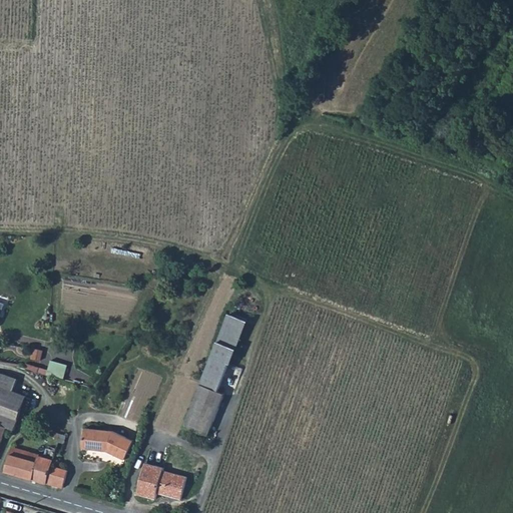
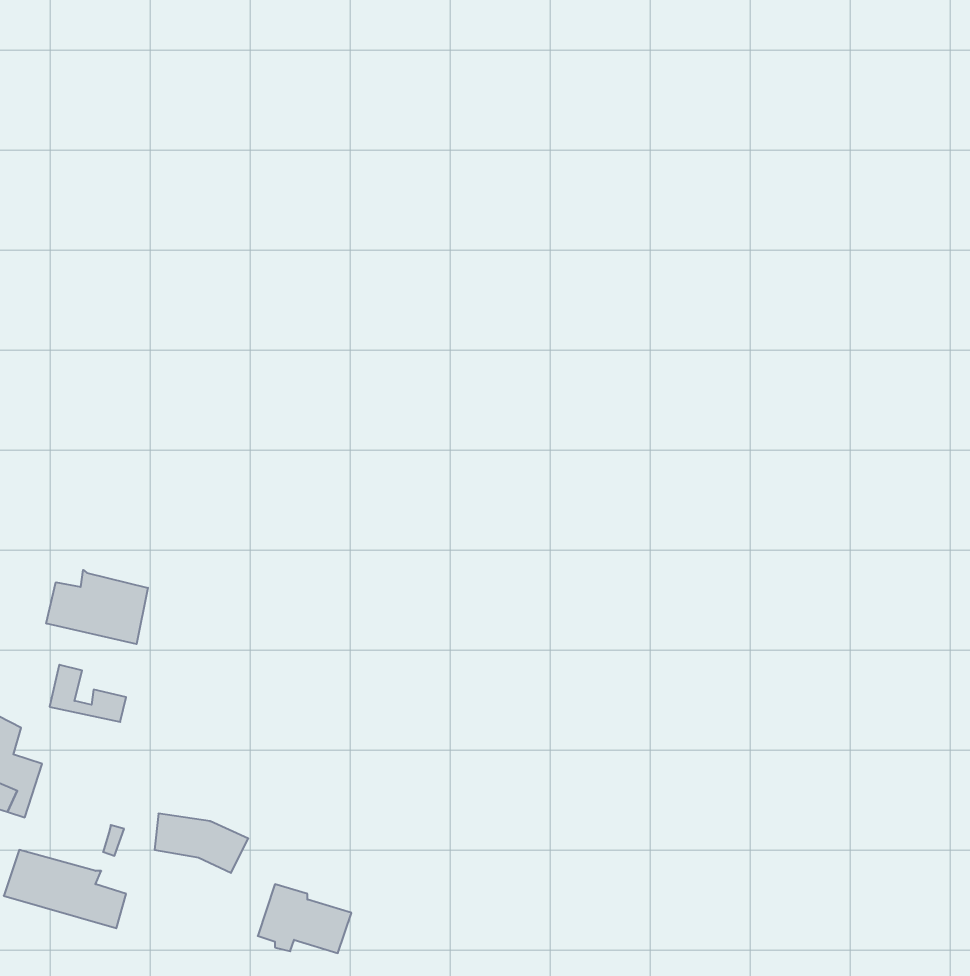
building: none -> [46,570,148,644]
building: [182,314,246,436] -> none

